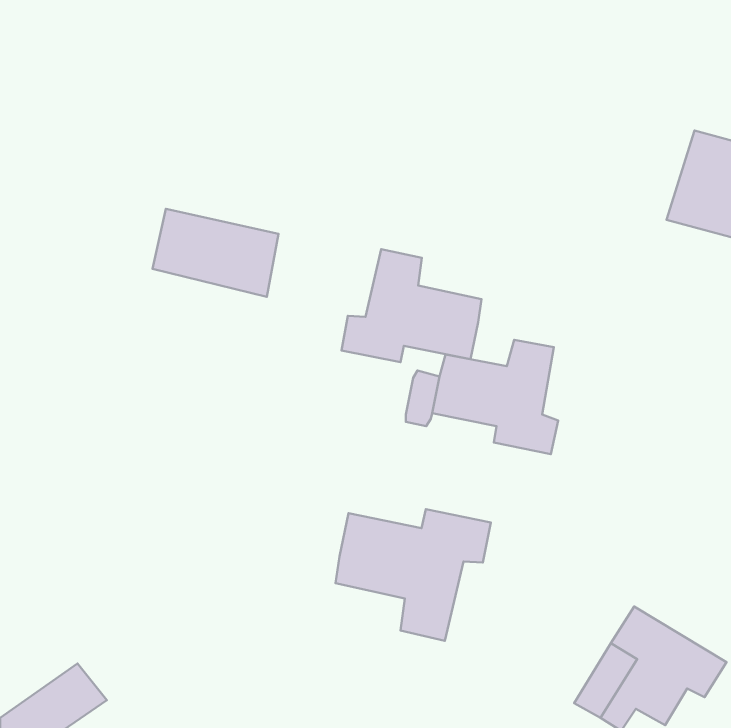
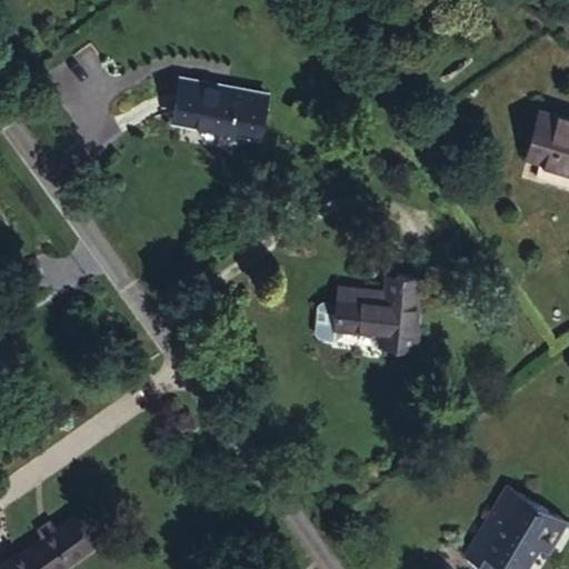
building: [152,209,278,297] -> [173,80,269,147]
building: [341,249,481,362] -> none
building: [336,509,491,641] -> none

